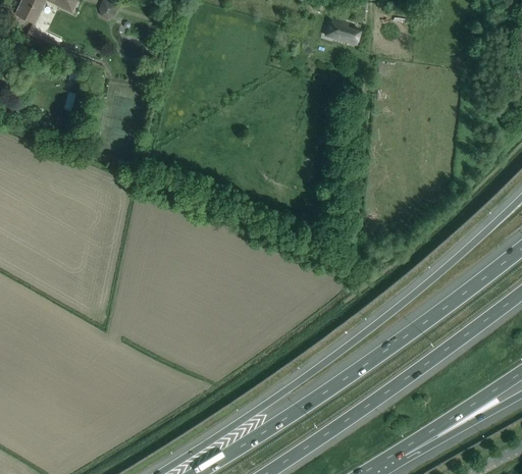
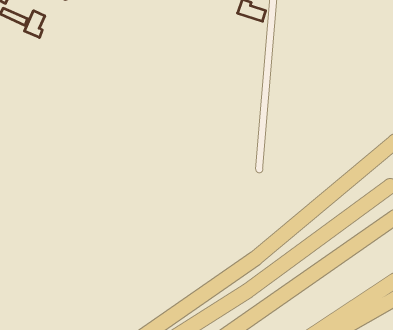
building: none -> [24,11,45,38]

